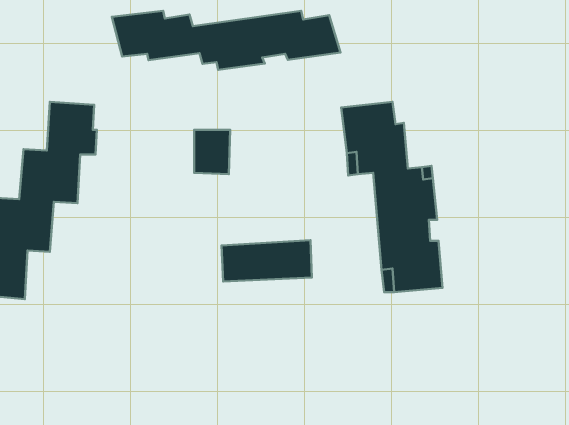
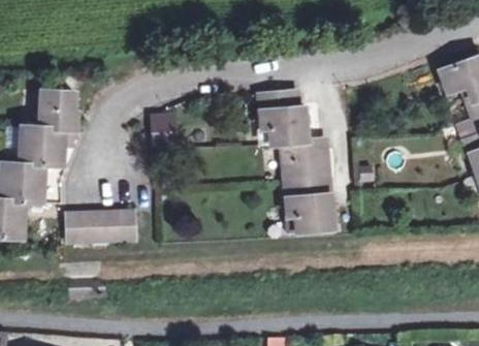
building: [112,11,340,70] -> none
building: [222,240,312,282] -> [68,210,135,241]

